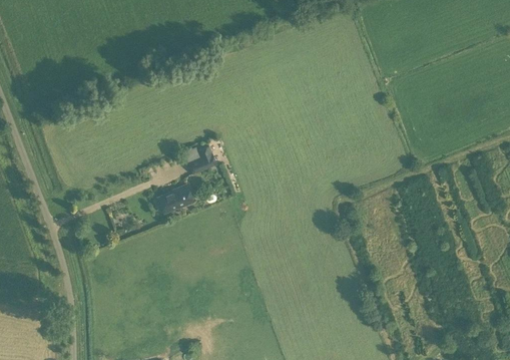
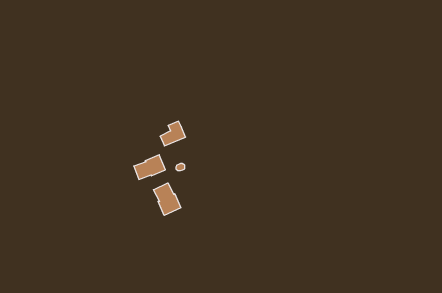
building: none -> [153,183,181,215]

